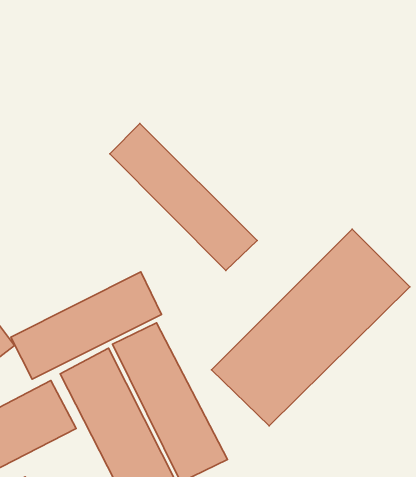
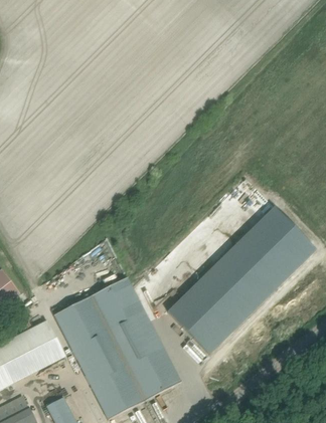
building: [110,123,257,270] -> none
building: [11,272,161,379] -> none

